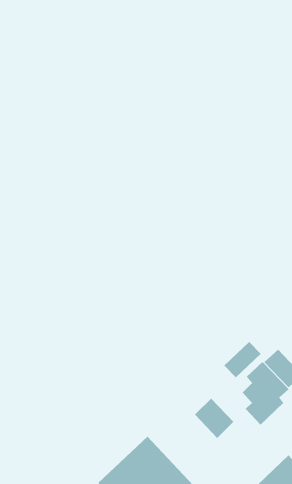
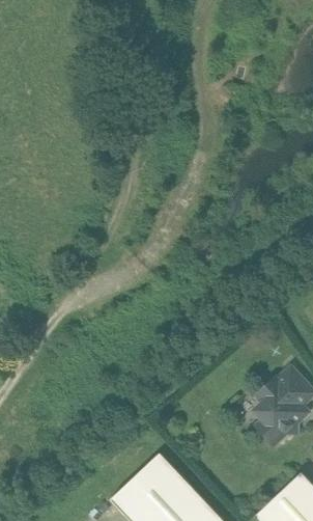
building: [223,341,262,378] -> none
building: [194,398,234,439] -> none

